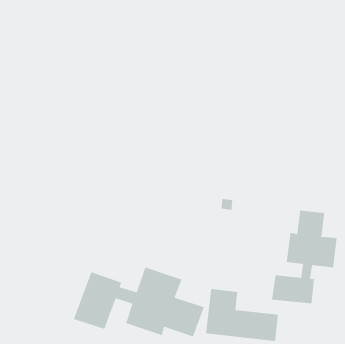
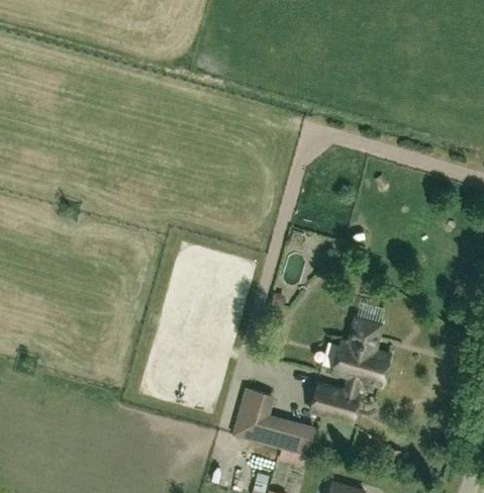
building: [73,267,205,337] -> none

